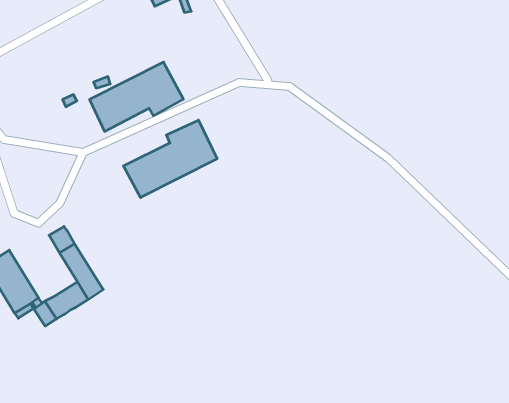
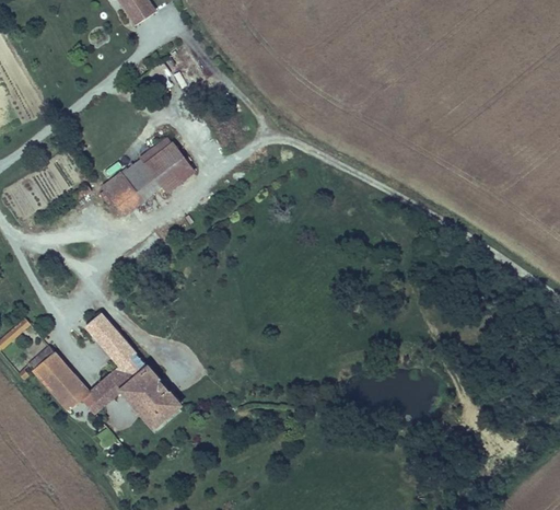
building: [123,120,217,198] -> none
building: none -> [122,368,179,426]

